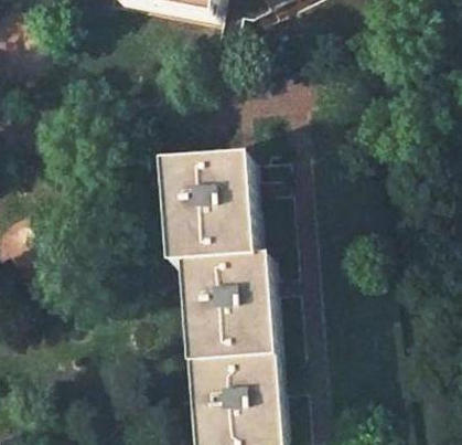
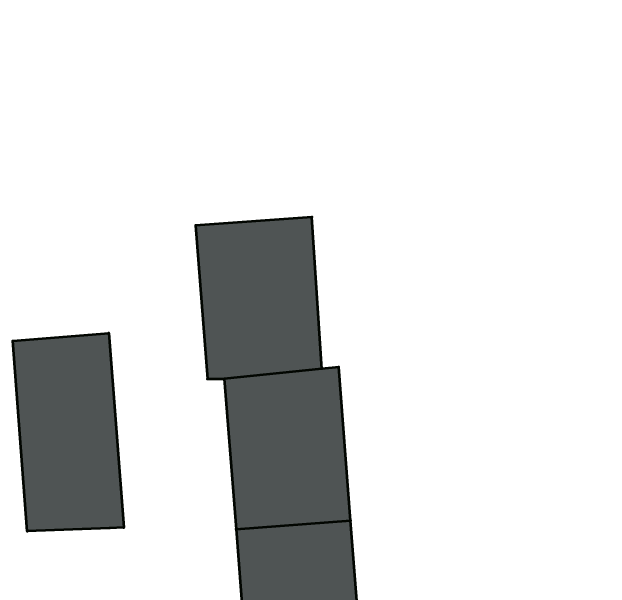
building: none -> [13,333,124,531]

